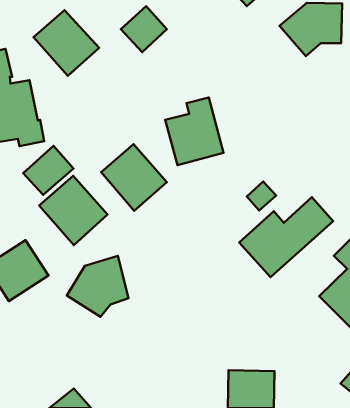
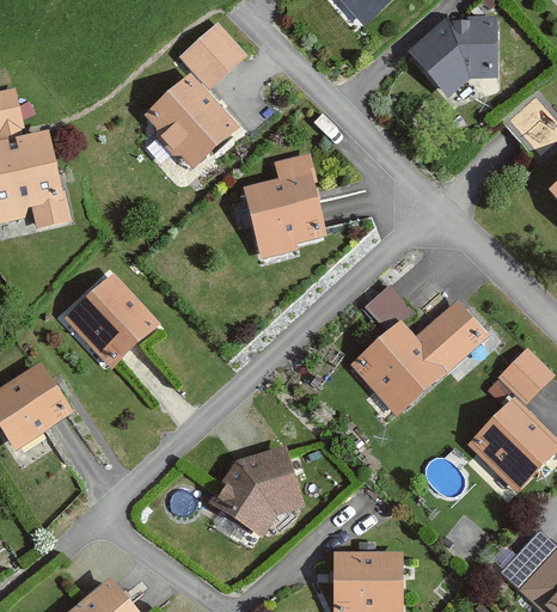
building: [33,10,99,76] -> [142,75,238,171]
building: [101,144,167,211] -> none
building: [23,146,73,195] -> none
building: [67,256,128,317] -> [212,446,301,534]

